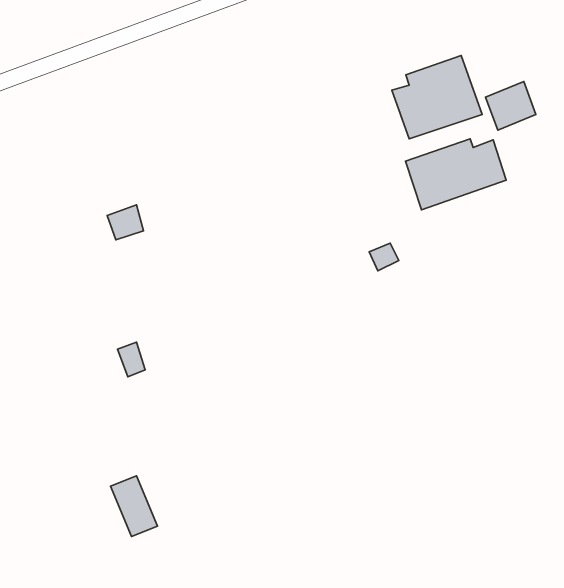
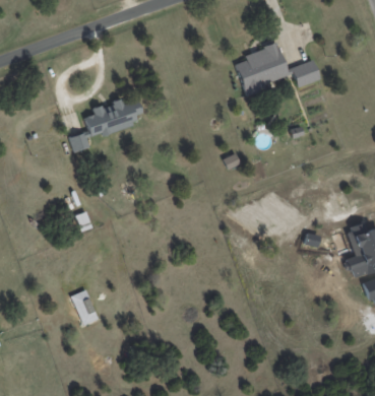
building: [406,139,506,210] -> none
building: none -> [84,95,141,138]

